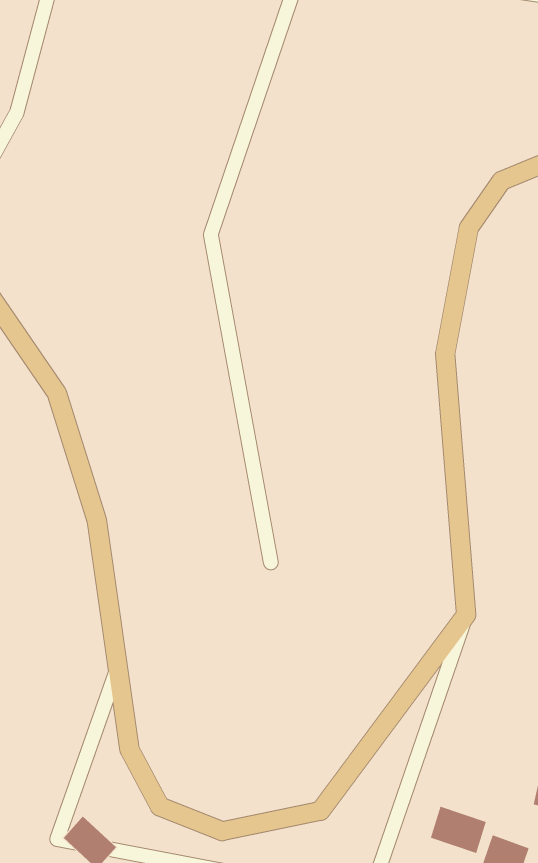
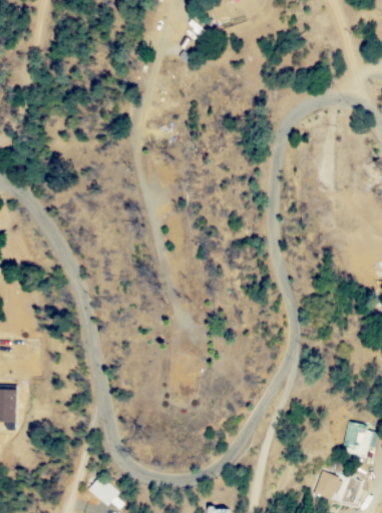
building: [430,806,487,854] -> none

